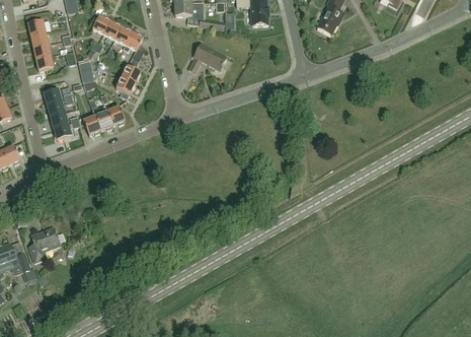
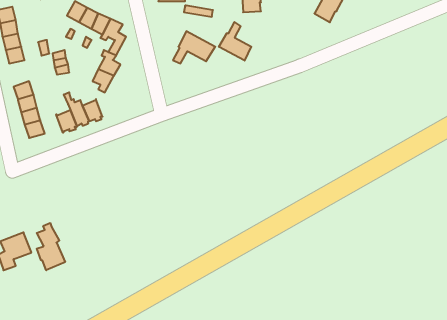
building: none -> [219,22,251,61]
building: none -> [37,223,65,270]

